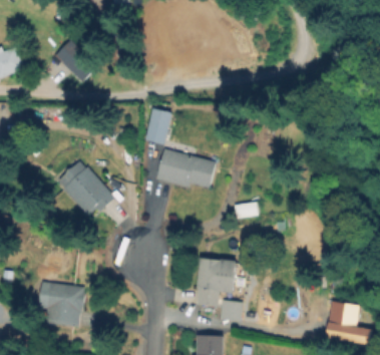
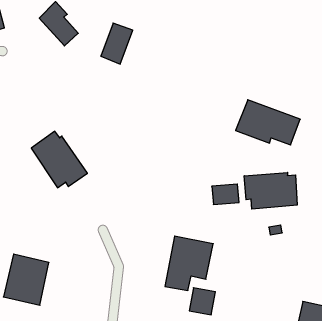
building: [144,105,172,143] -> [101,23,133,64]
building: [155,148,216,188] -> [236,100,300,145]
building: none -> [244,172,297,209]

